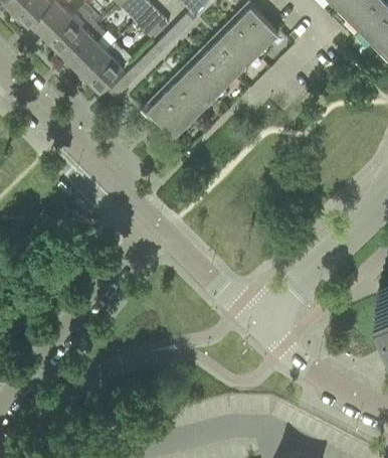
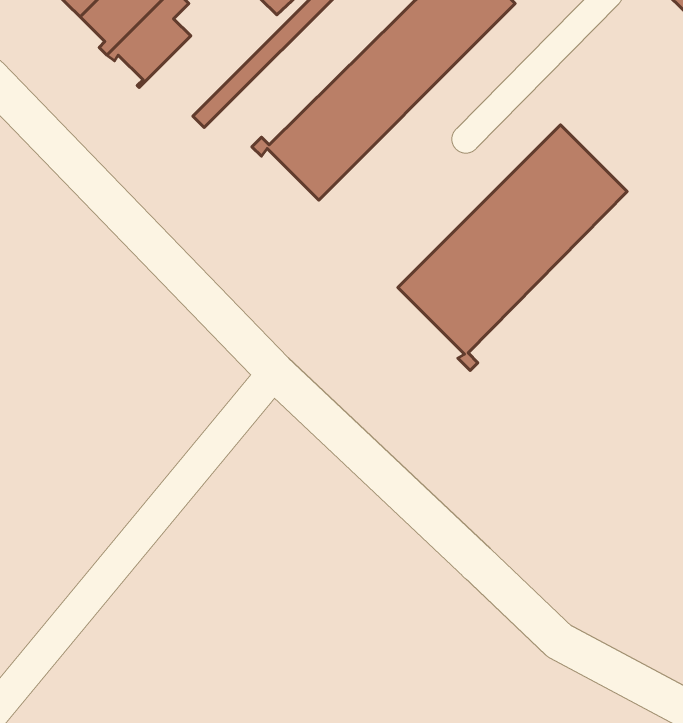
building: [79,40,133,91] -> none
building: none -> [398,125,627,371]

